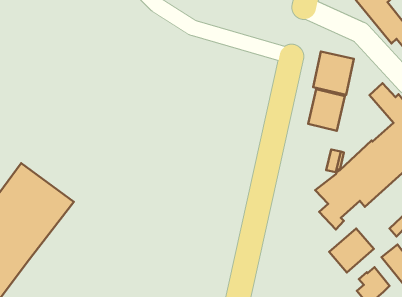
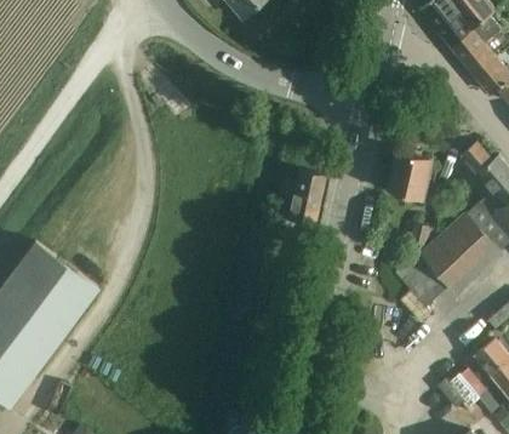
building: [313,51,354,95] -> none
building: none -> [280,171,327,227]
building: [329,228,374,272] -> none

